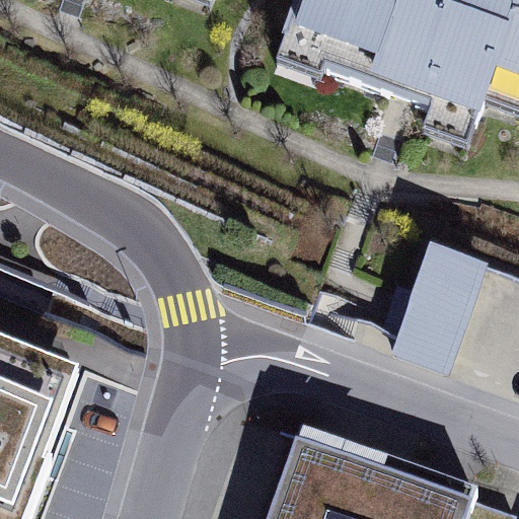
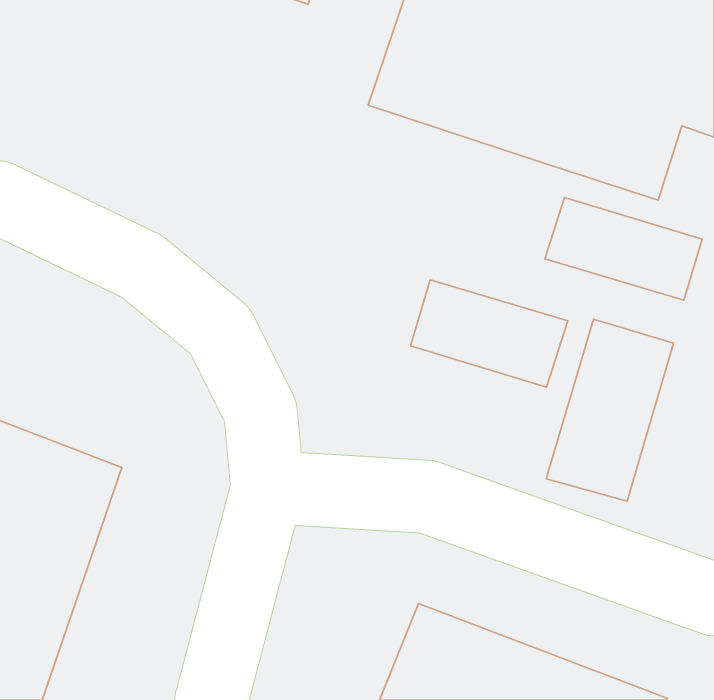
building: none -> [545,197,702,300]
building: none -> [410,280,568,387]

